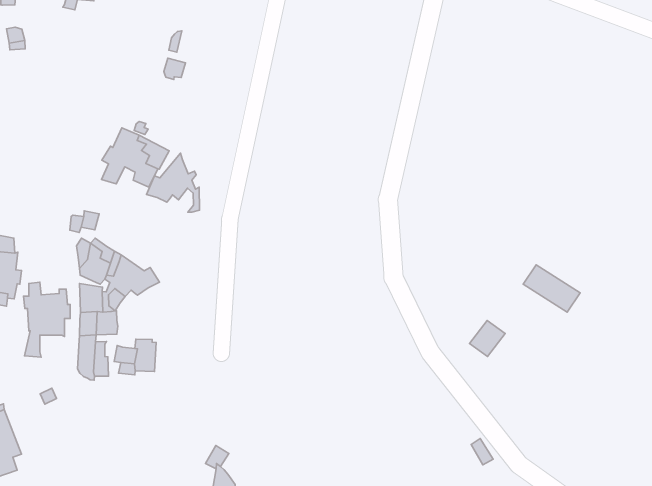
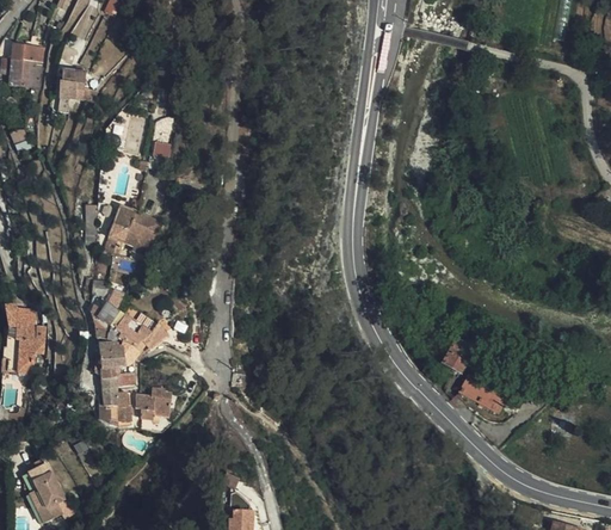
building: [146,153,199,212] -> none
building: [523,265,580,312] -> [455,370,505,408]
building: [23,282,70,357] -> none

